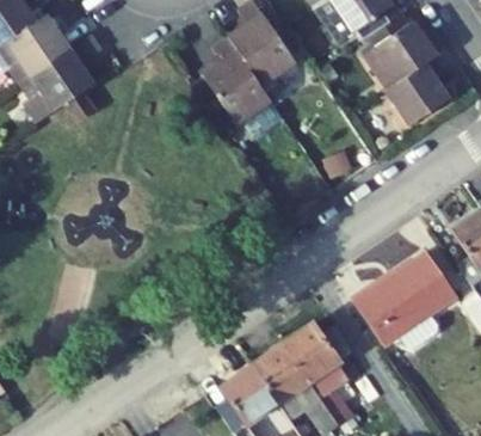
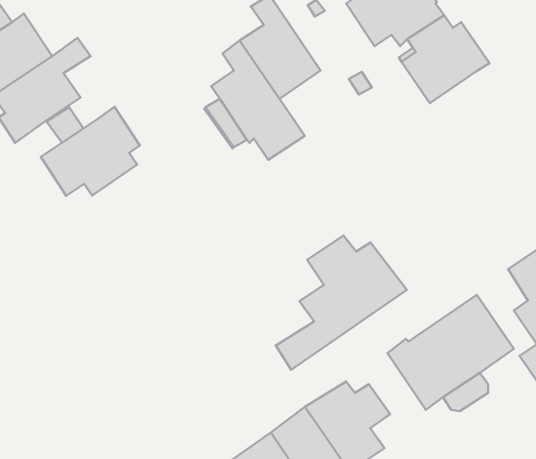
building: [387,63,449,125] -> none
building: none -> [41,107,140,196]
building: none -> [276,235,407,370]

